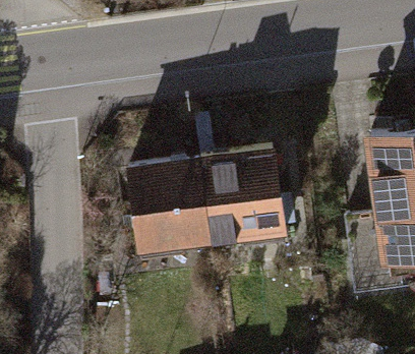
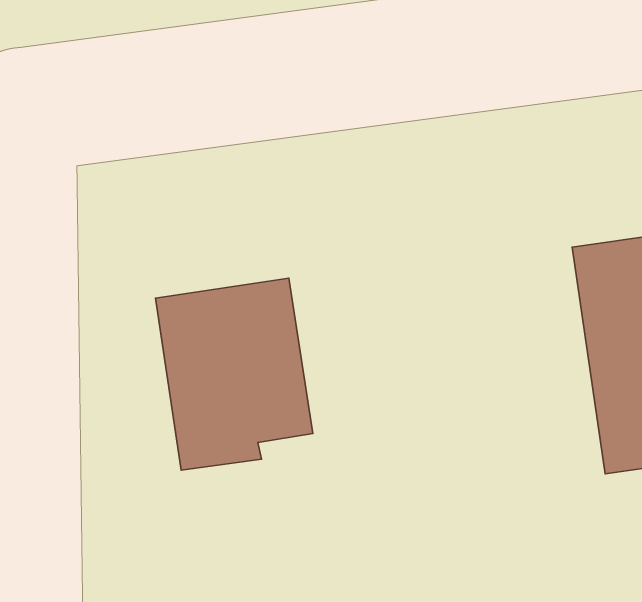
building: [201,144,291,248] -> none

